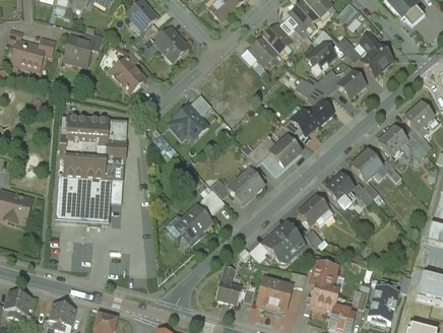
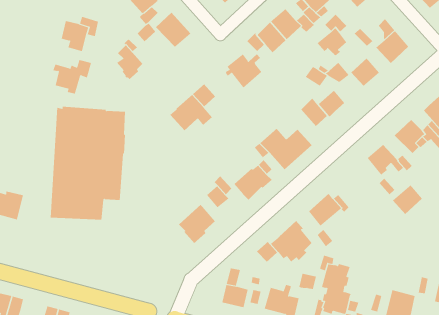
building: [17,38,54,70] -> [53,60,92,94]
building: none -> [226,53,262,89]
building: [325,174,354,202] -> [392,184,423,215]

